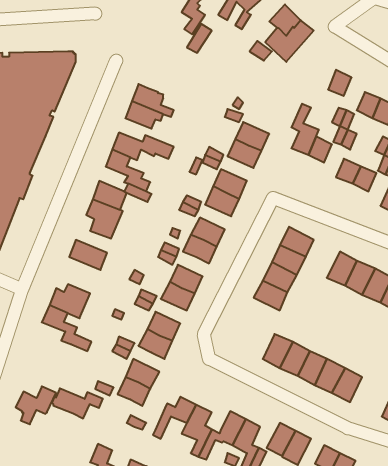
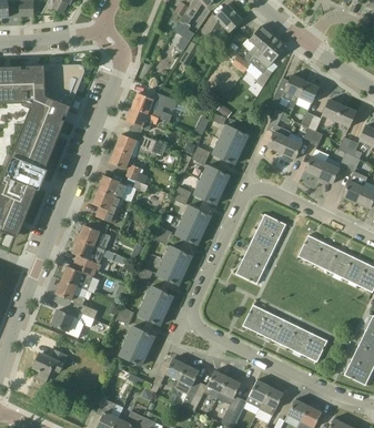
building: none -> [269,74,304,109]
building: none -> [71,238,104,271]
building: [52,388,103,418] -> [50,309,93,335]

